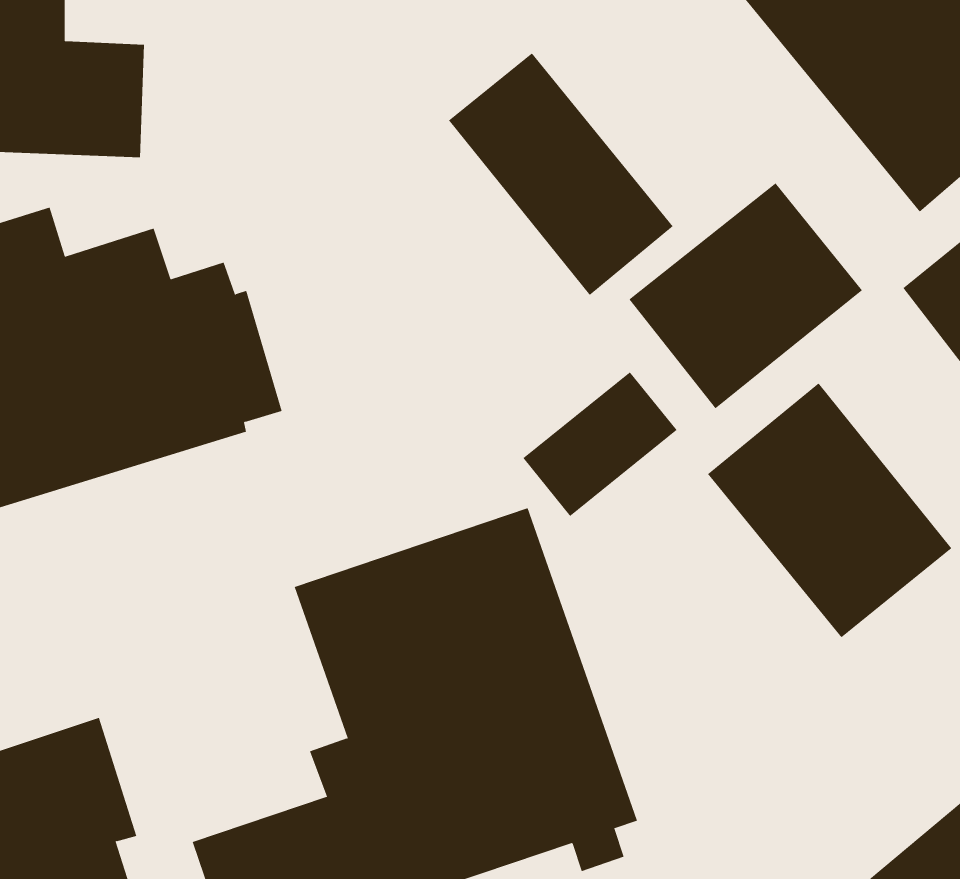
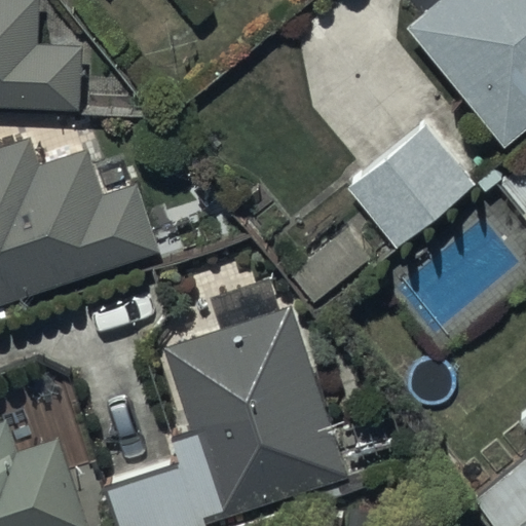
building: [448,53,674,296] -> none
building: [707,383,952,638] -> none

